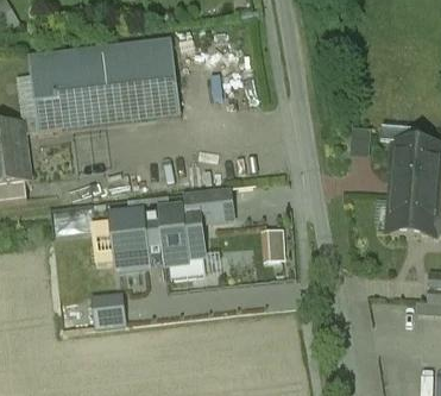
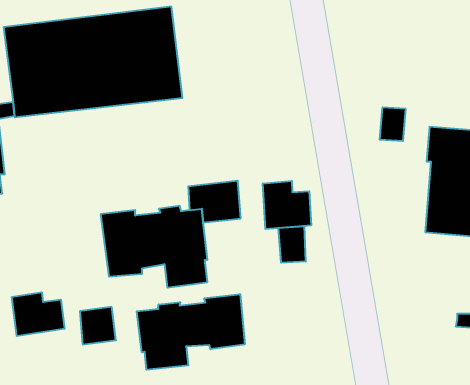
building: none -> [263,181,311,229]
building: none -> [12,292,64,336]
building: none -> [137,294,245,370]

